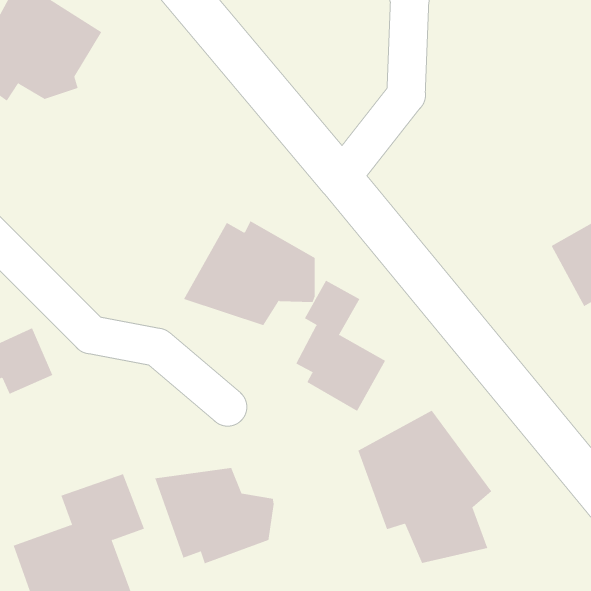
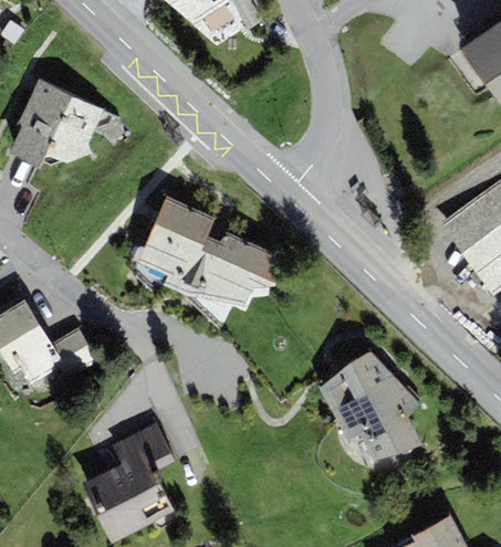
building: none -> [138,197,216,294]
building: [295,280,386,412] -> none
building: [154,467,274,564] -> none

